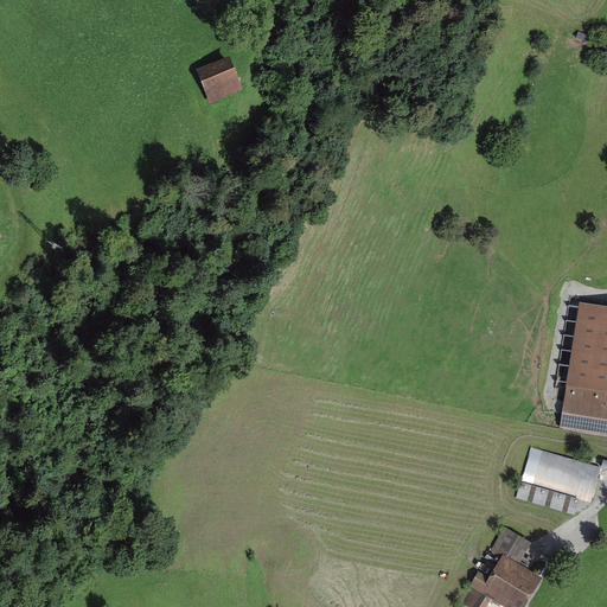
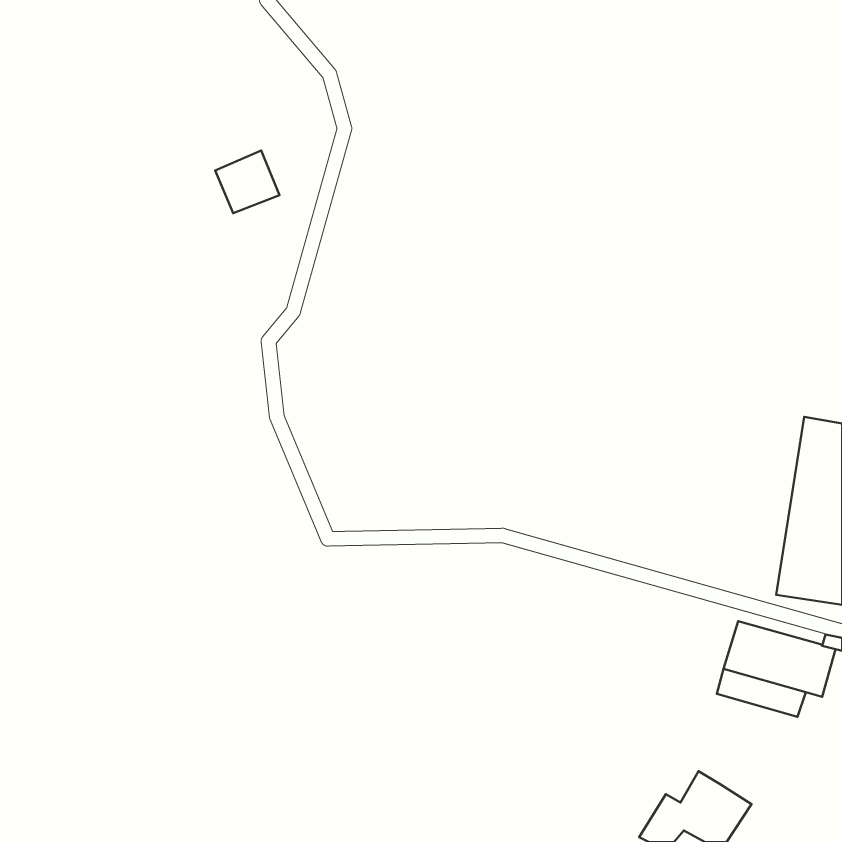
building: [197,57,243,102] -> [215,151,279,213]
building: [492,526,531,564] -> none

